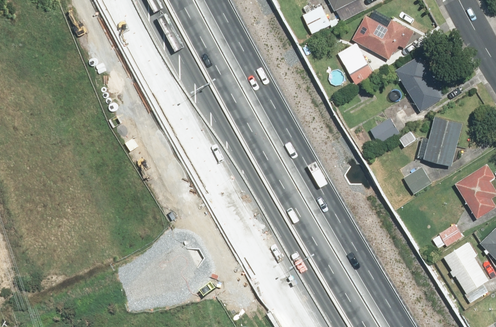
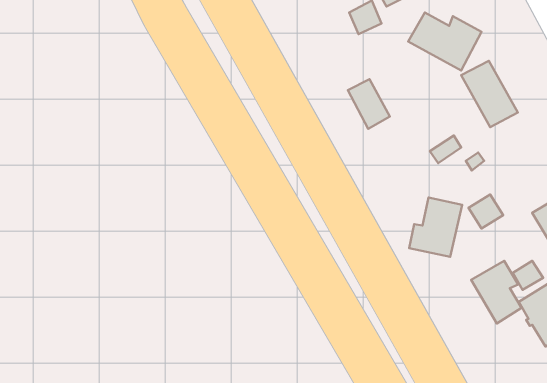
building: [337,44,372,85] -> [348,79,390,129]
building: [418,117,462,166] -> [409,198,462,257]
building: none -> [471,261,522,323]

